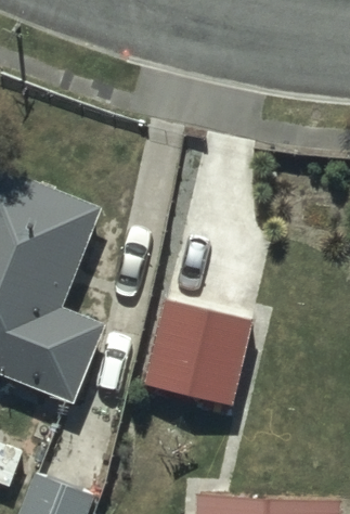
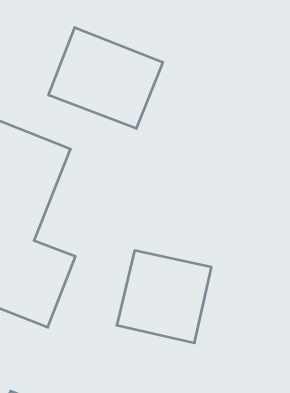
building: none -> [49,27,163,129]

